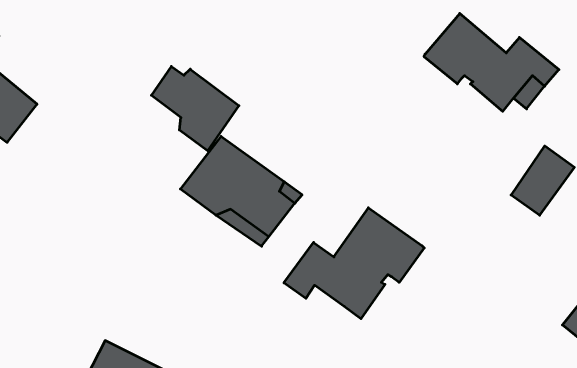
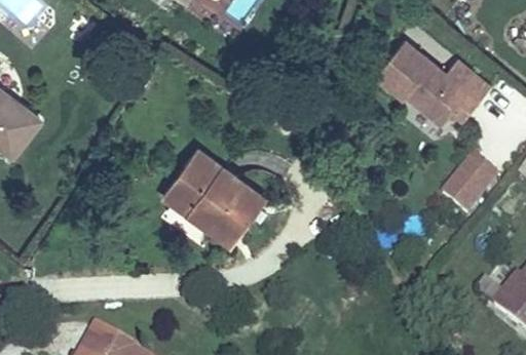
building: [151,66,239,151] -> none
building: [284,208,424,319] -> none

